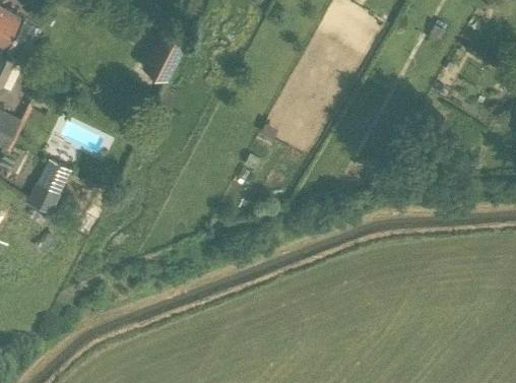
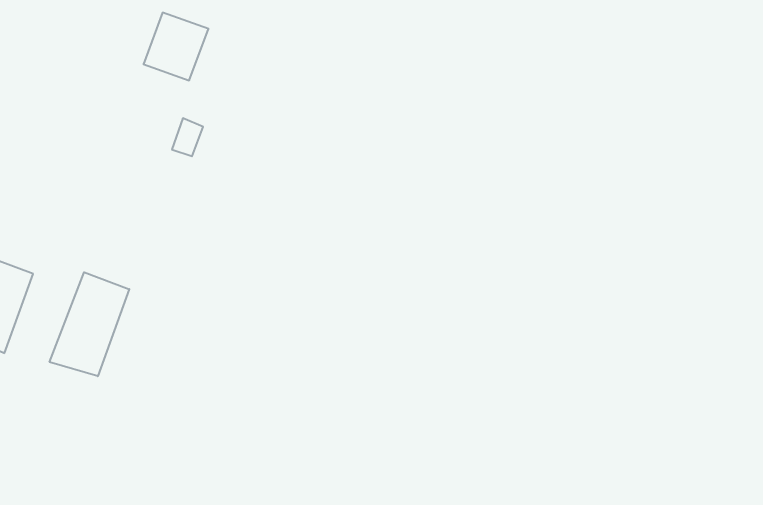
building: none -> [50,272,129,376]

